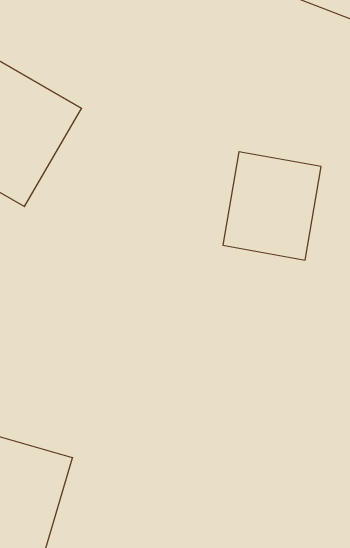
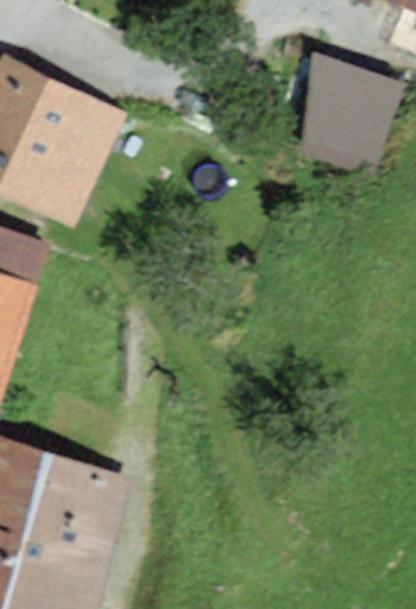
building: [223,152,321,260] -> [288,50,390,163]

